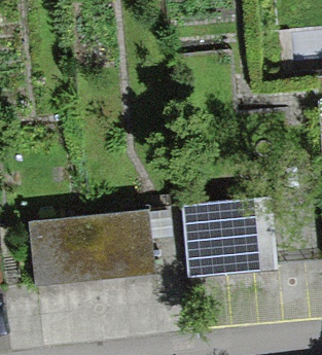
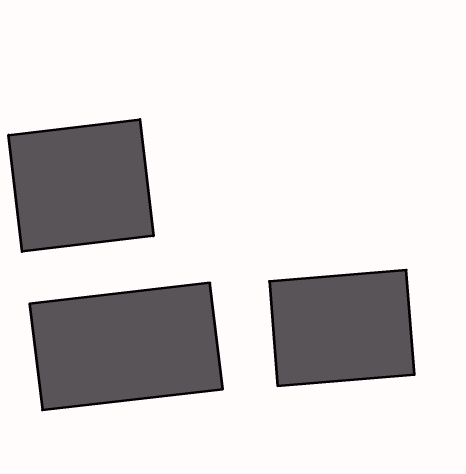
building: none -> [9,119,153,252]

